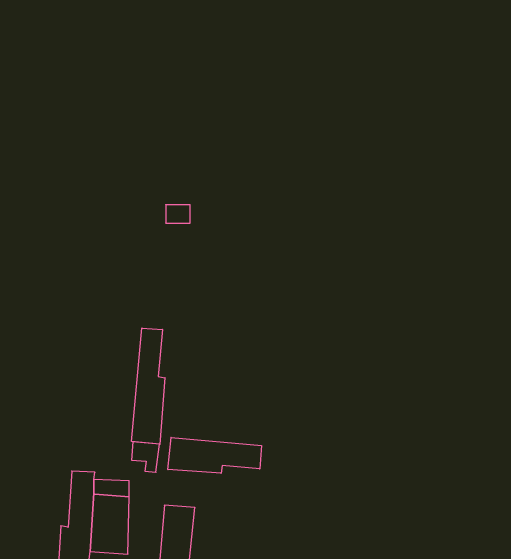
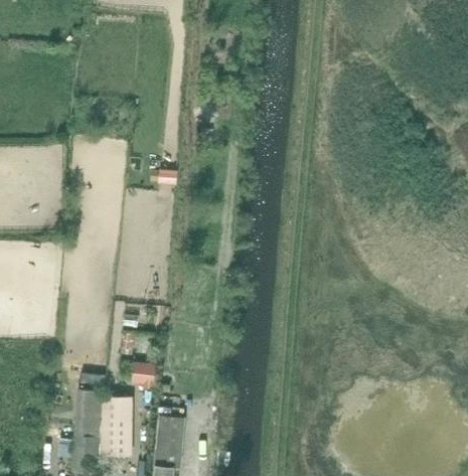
building: [132,328,165,444] -> none
building: [168,437,261,473] -> none

